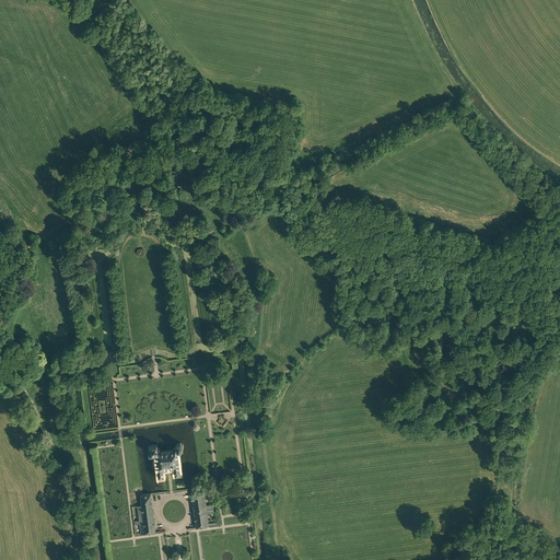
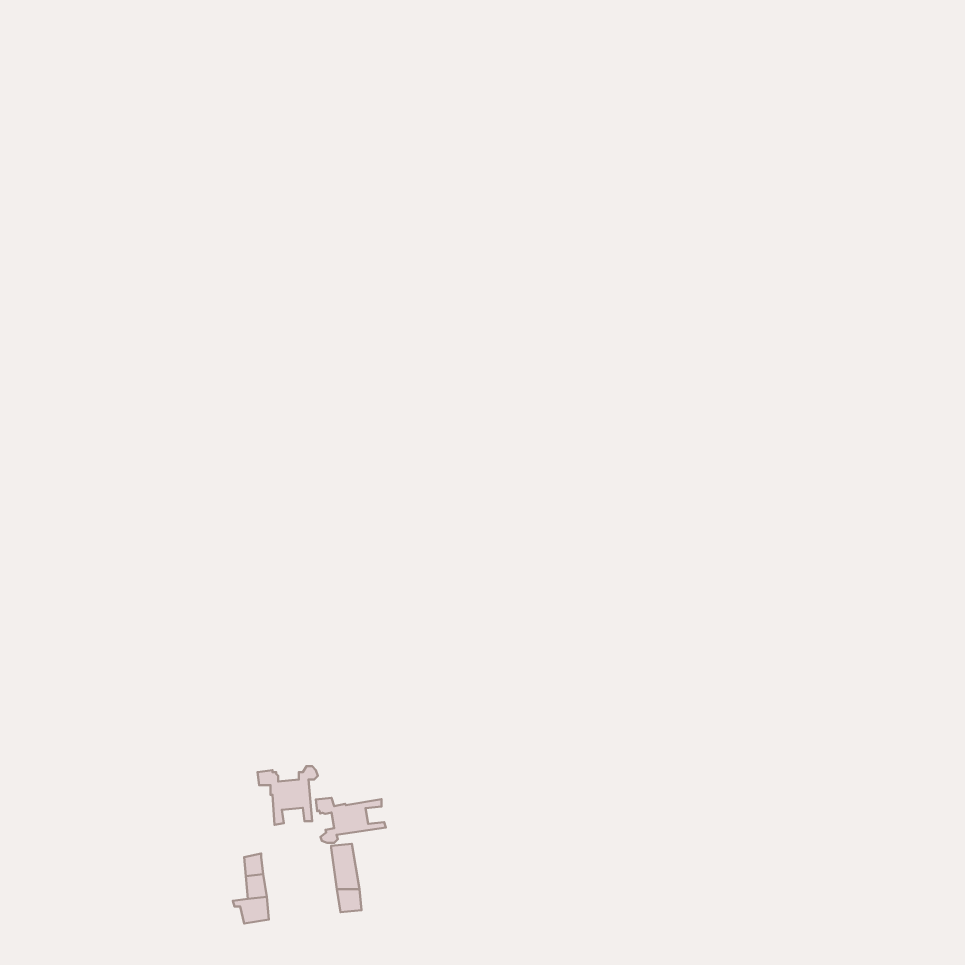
building: none -> [316,798,386,843]

